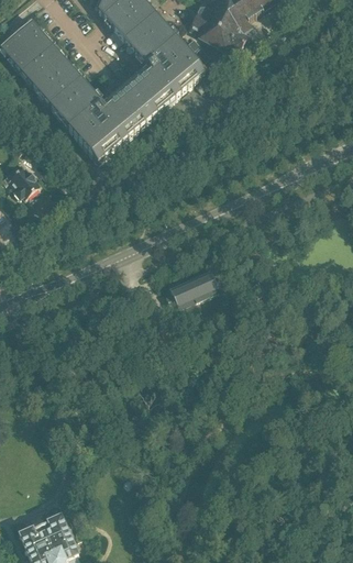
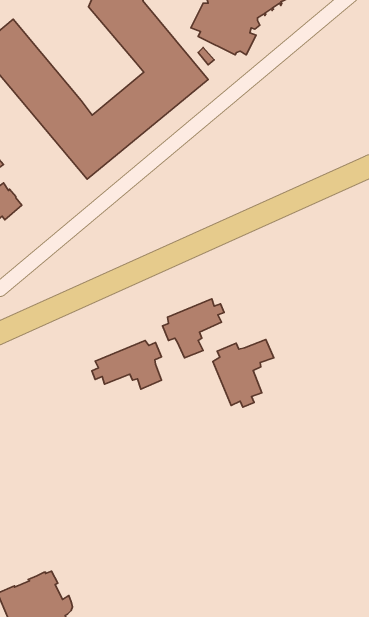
building: none -> [213,340,274,407]
building: none -> [92,340,162,389]

